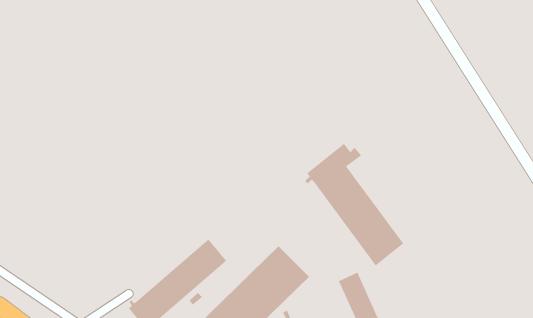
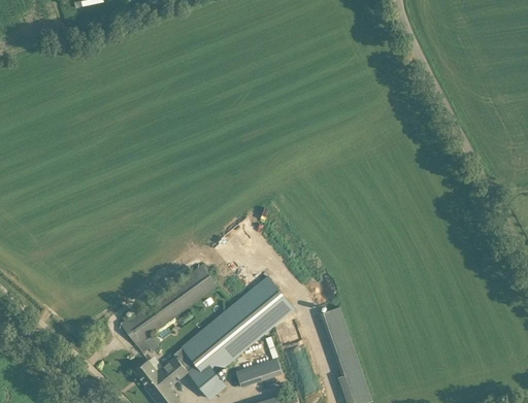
building: [305,143,404,266] -> none

